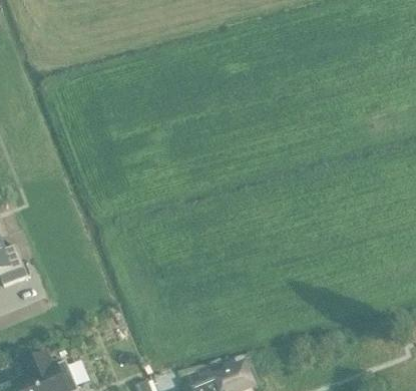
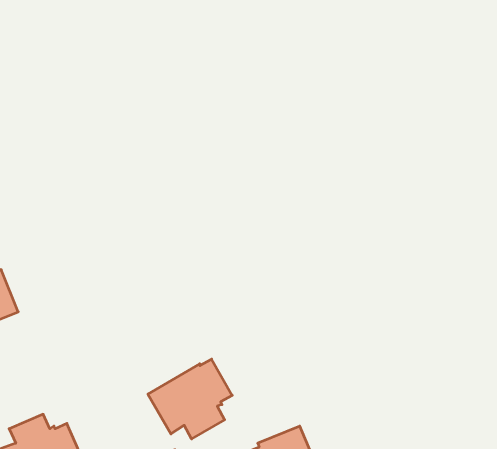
building: none -> [148,359,232,439]

